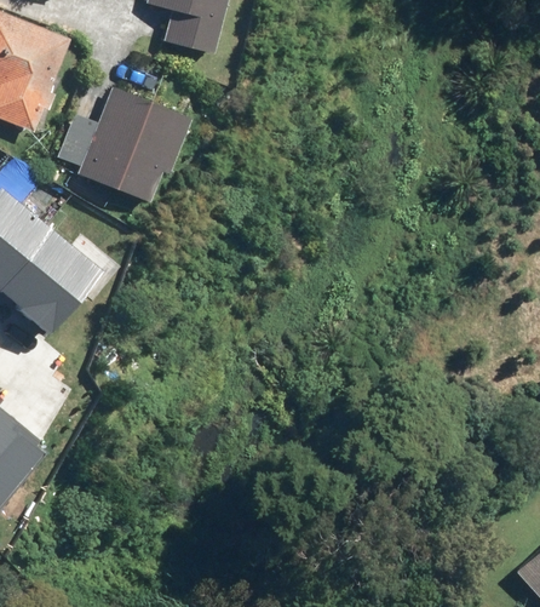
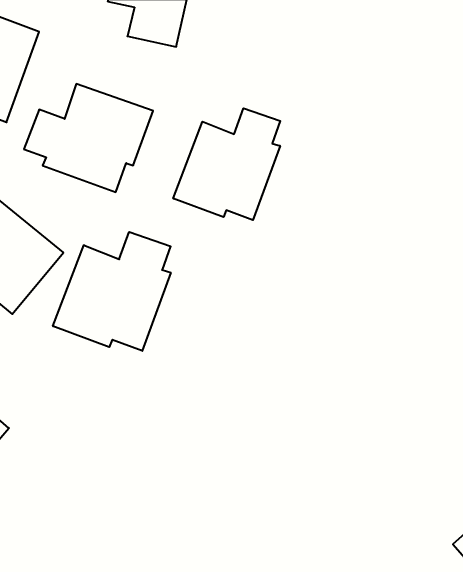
building: none -> [173,108,280,220]
building: none -> [53,232,171,351]

